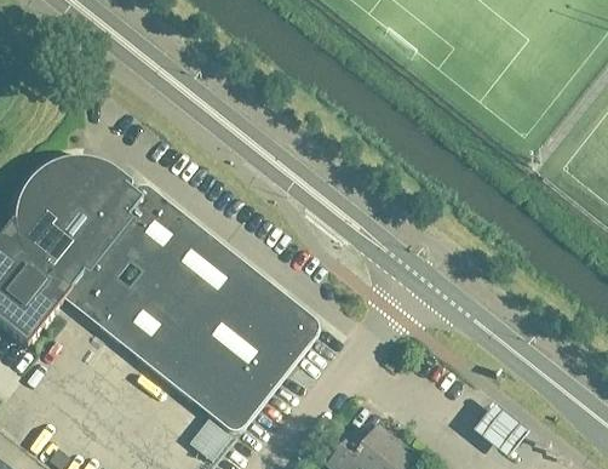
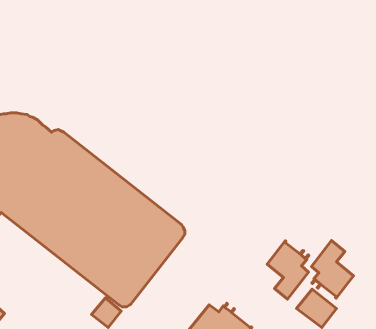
building: none -> [312,241,353,298]
building: none -> [267,241,309,299]

